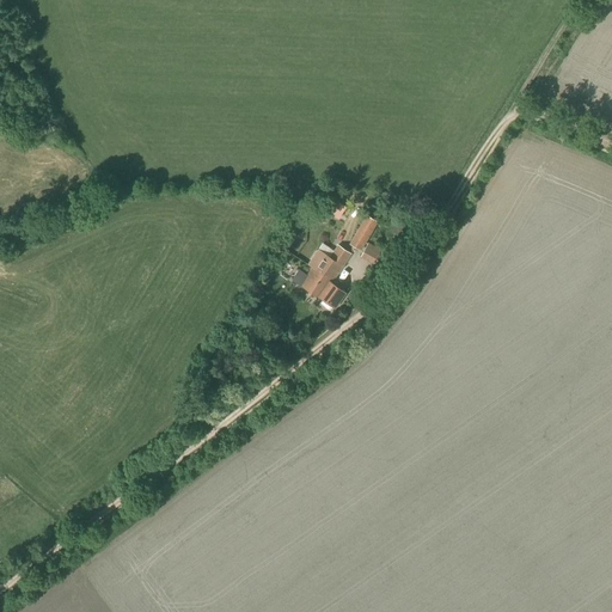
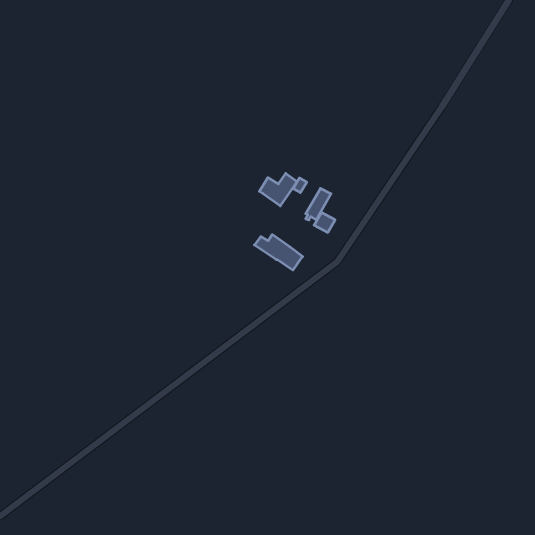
building: [307,245,350,282] -> [259,173,297,206]

